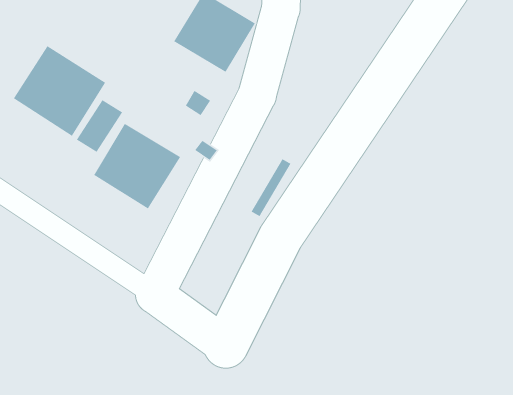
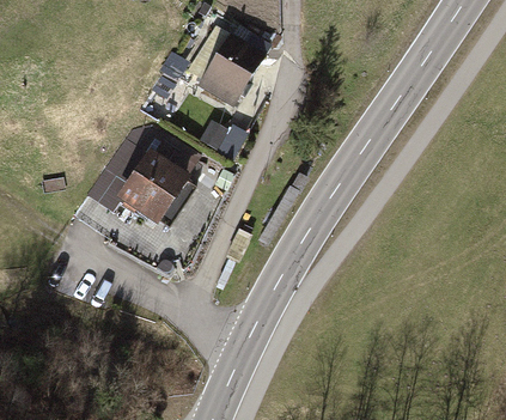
building: [13,45,106,137] -> none

